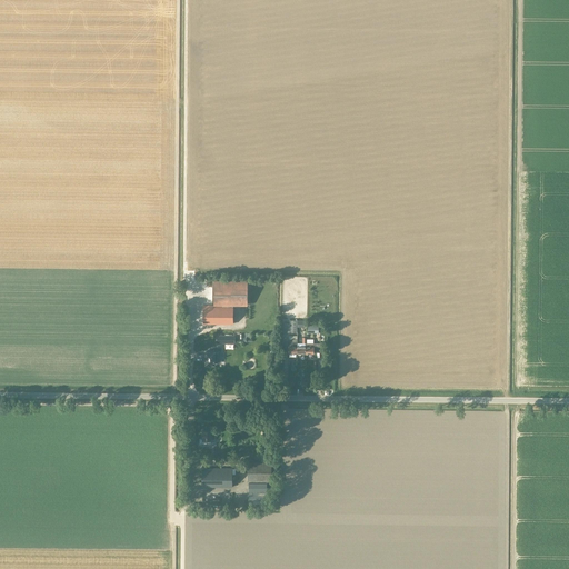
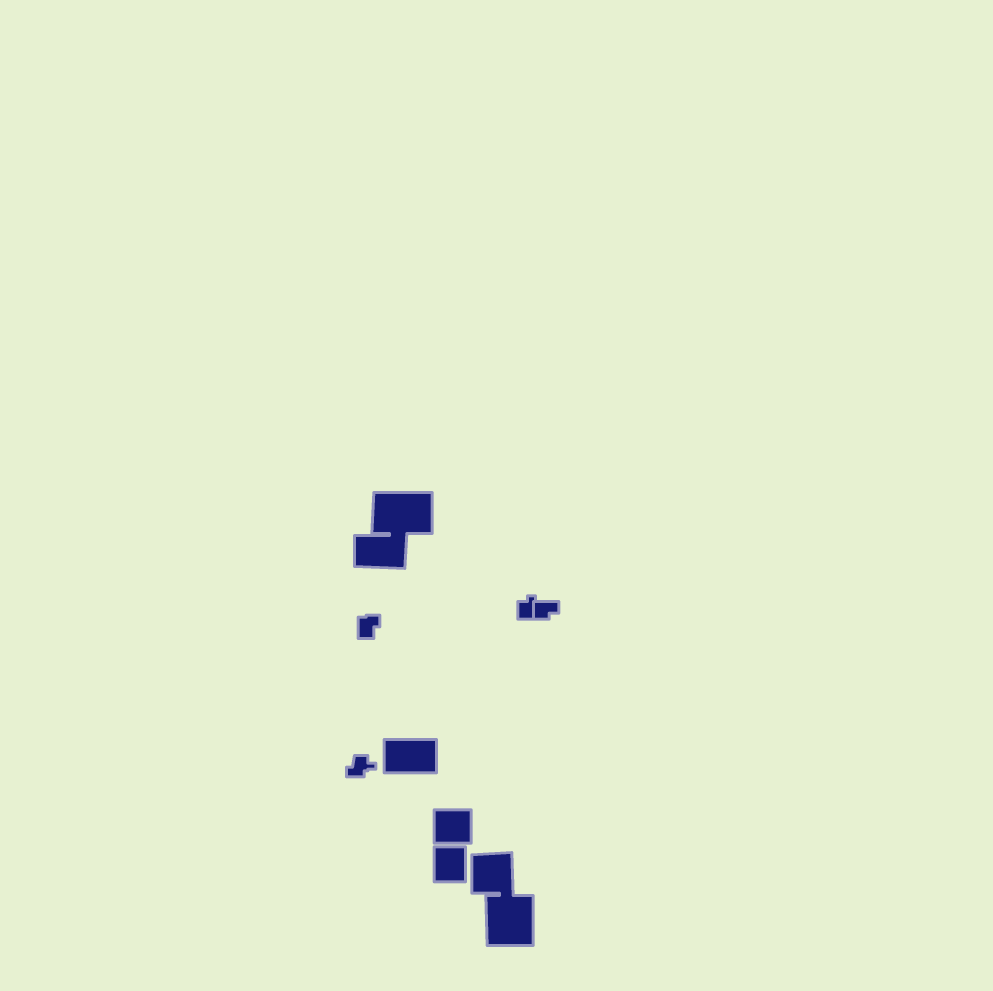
building: [201,470,231,489] -> [384,740,437,773]
building: none -> [472,853,533,946]

